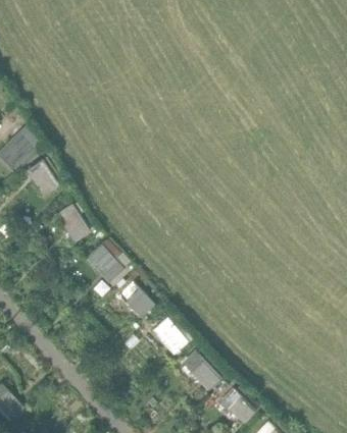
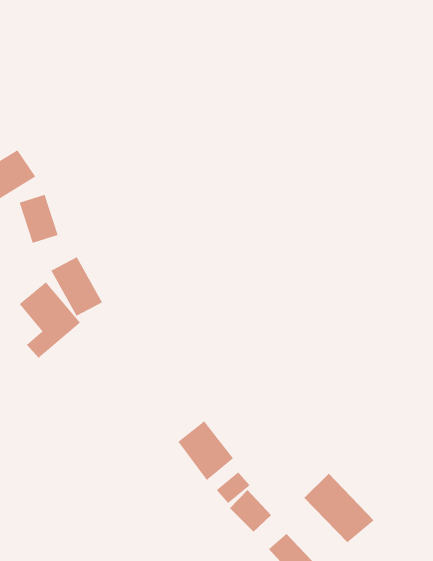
building: [85,240,130,295] -> [19,282,81,359]
building: [117,279,155,317] -> none
building: none -> [304,473,374,543]

